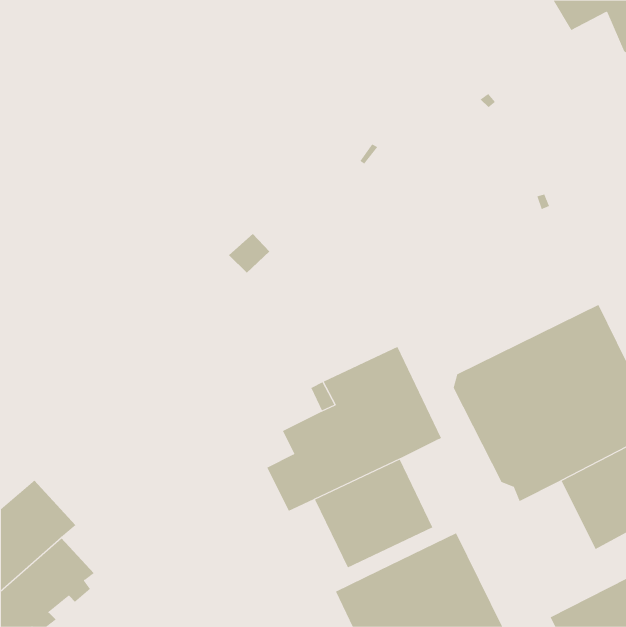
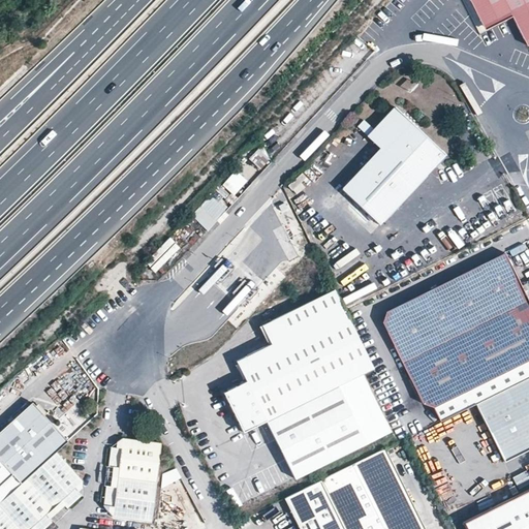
building: none -> [341,107,444,225]
building: none -> [338,371,397,444]
building: none -> [106,438,162,521]

